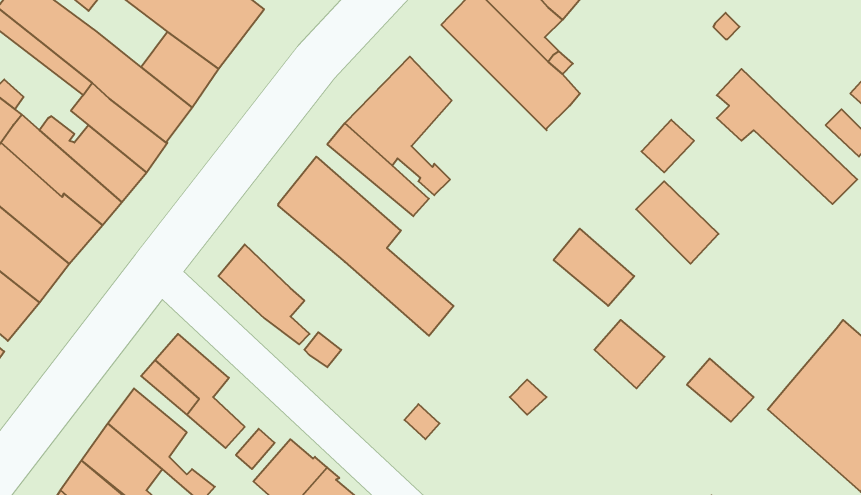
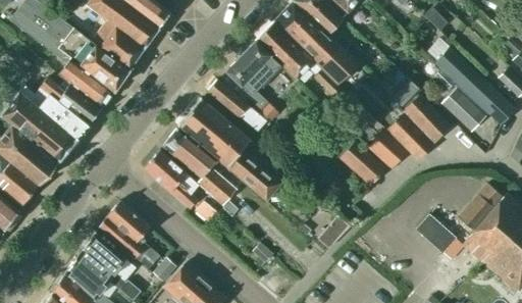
building: none -> [257,21,345,102]
building: none -> [442,90,485,133]
building: none -> [404,96,452,143]
building: none -> [163,127,239,217]
building: none -> [460,185,504,232]
building: [594,320,665,388] -> [368,129,409,168]

